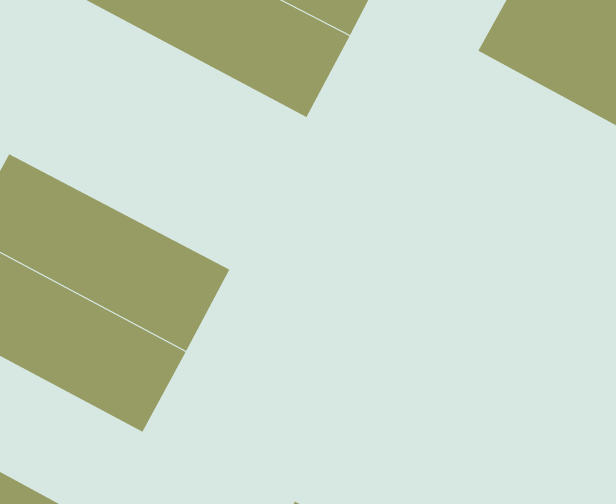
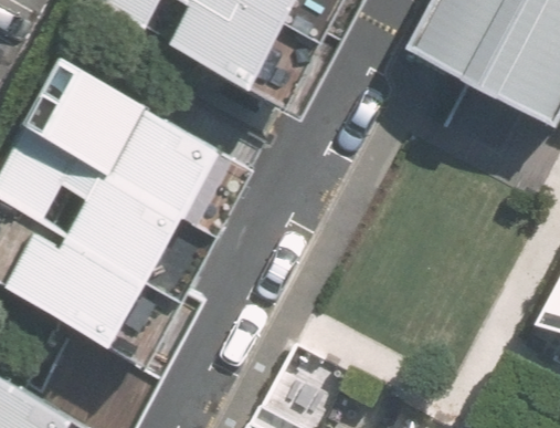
building: none -> [22,60,236,220]

